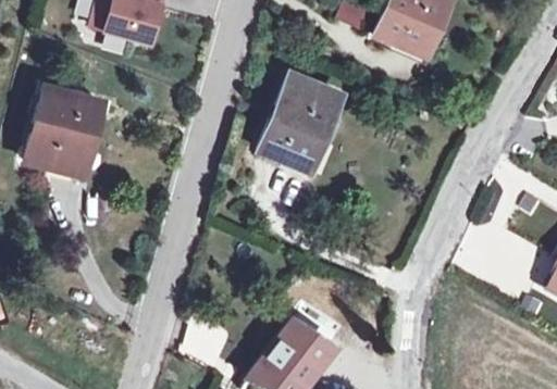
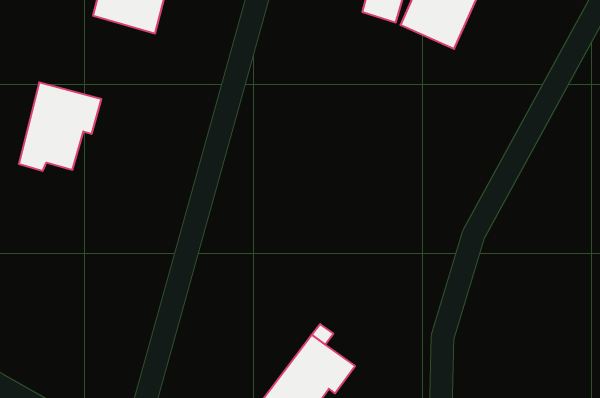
building: [260,75,343,173] -> none

